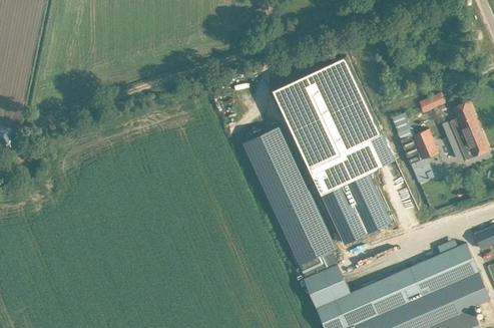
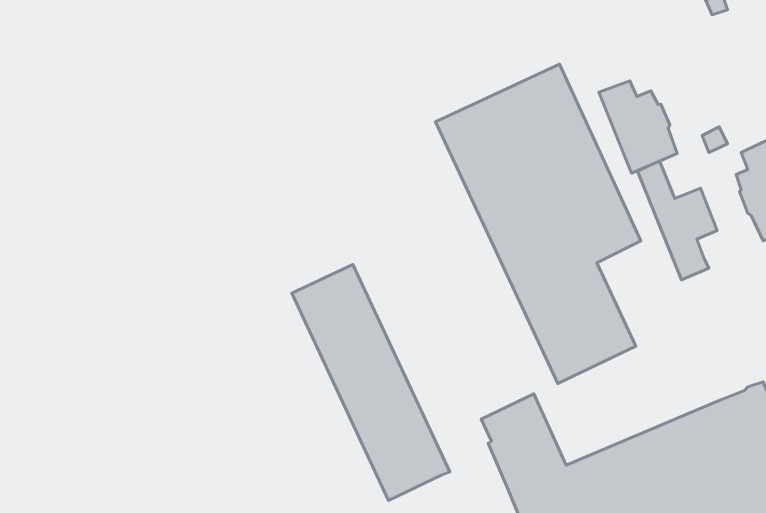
building: none -> [599,81,677,173]
building: [242,126,336,266] -> [292,264,450,501]

